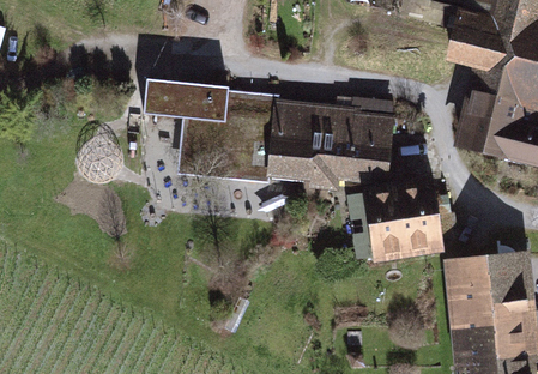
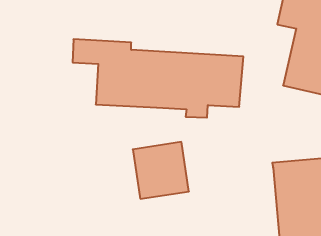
building: [365,177,447,260] -> [133,142,189,199]

